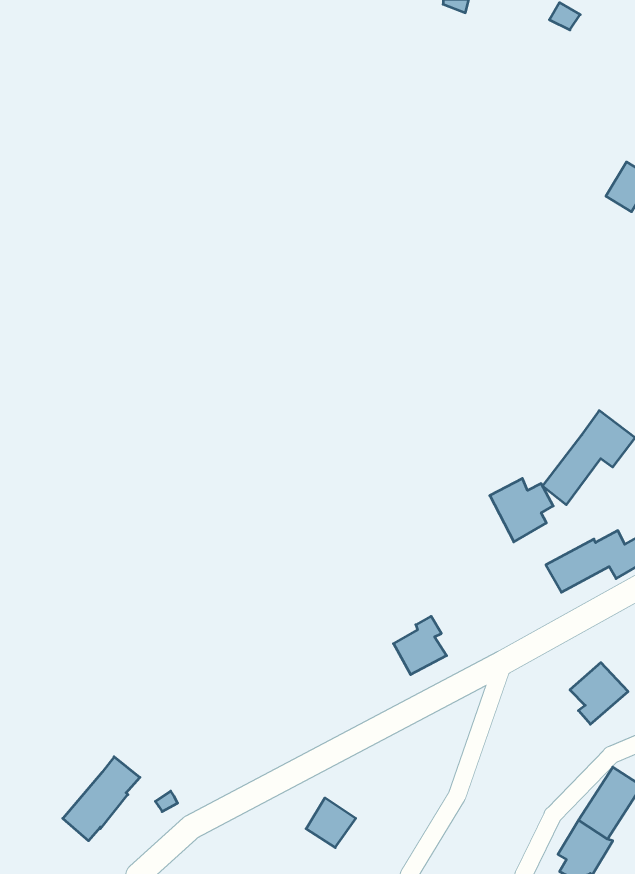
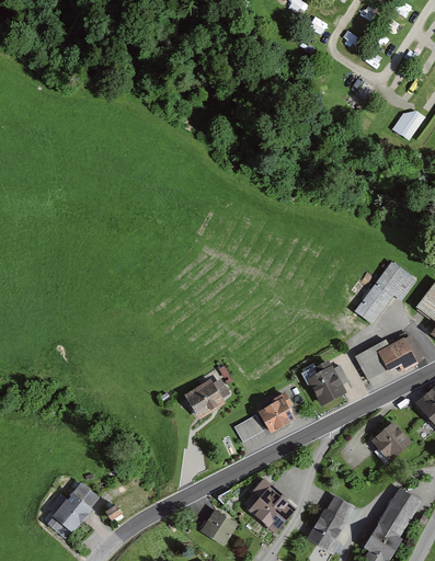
building: [490,478,553,542] -> [306,363,346,403]
building: none -> [185,380,225,417]
building: none -> [234,416,265,445]
building: none -> [250,480,293,531]
building: none -> [308,497,348,549]

